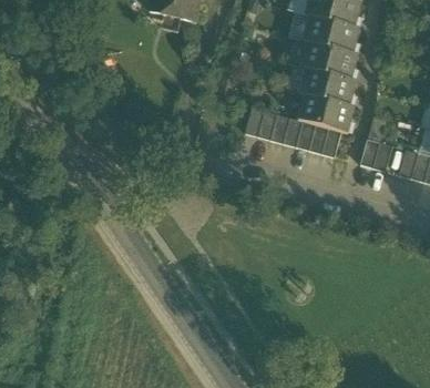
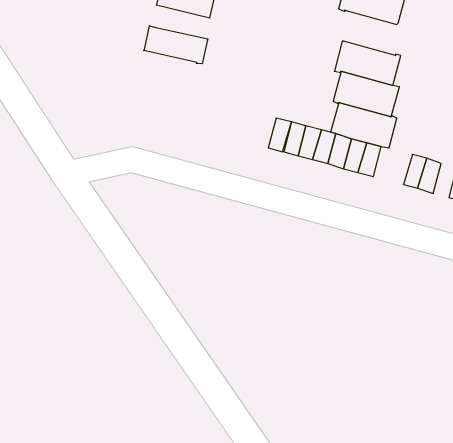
building: [305,14,361,53] -> none
building: none -> [144,26,208,64]

